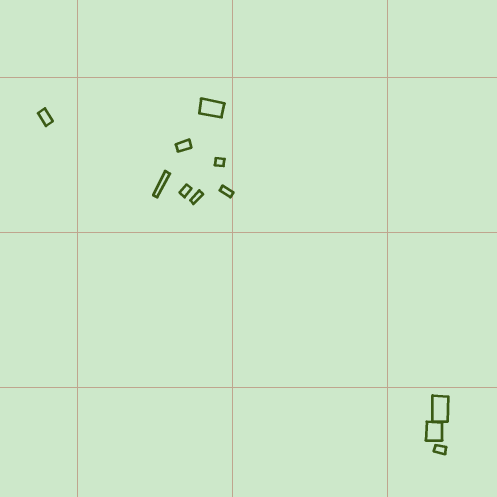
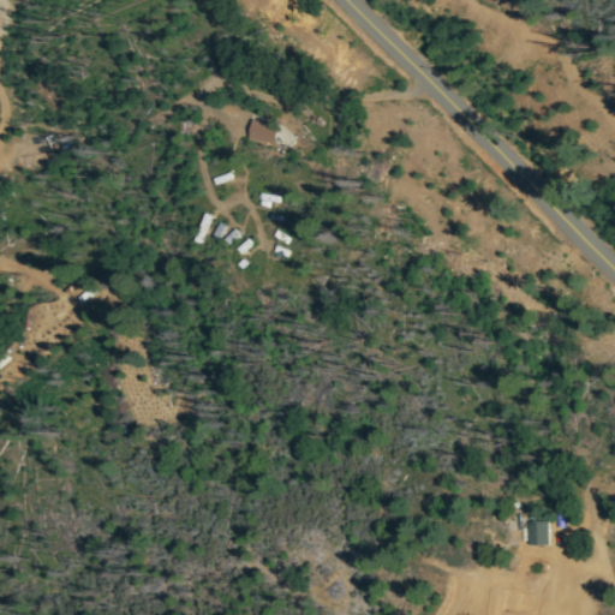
building: [433,395,448,422] -> none

